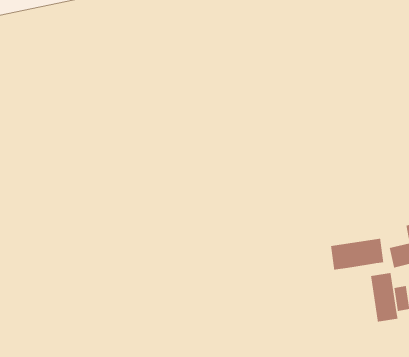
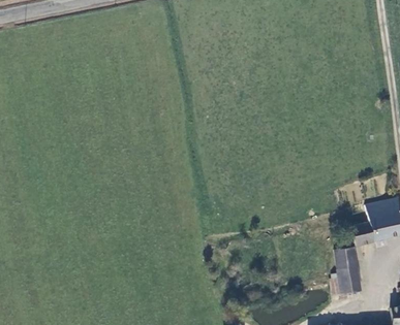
building: [330,238,384,271] -> none

